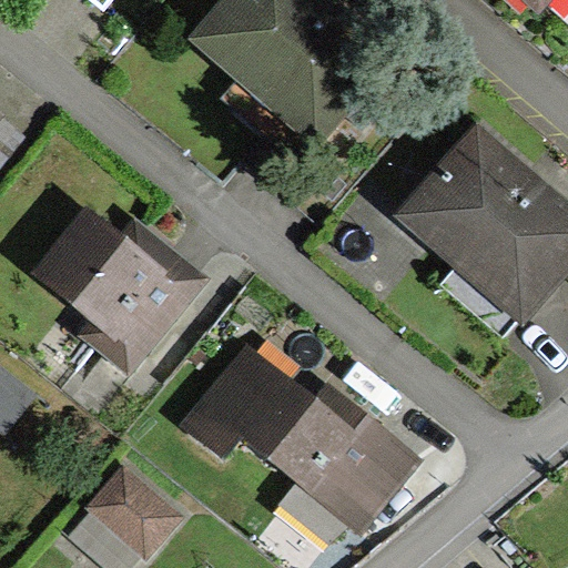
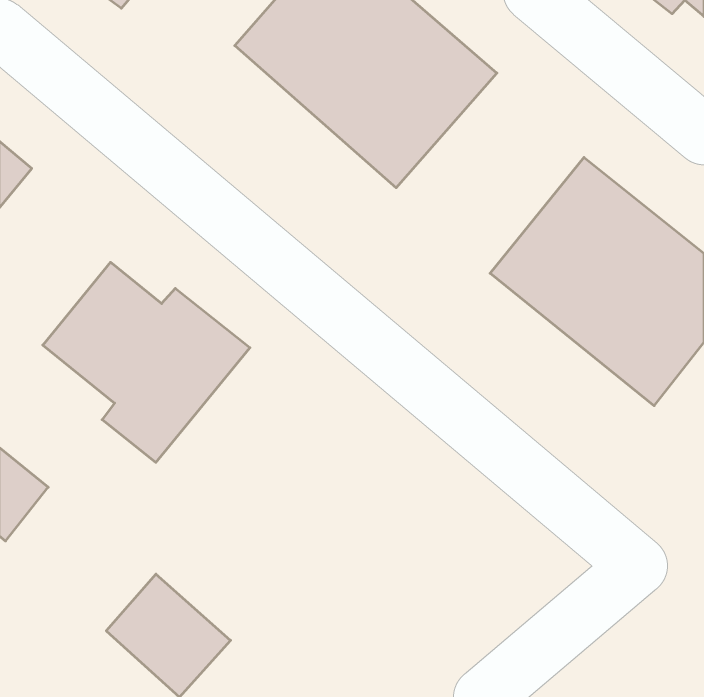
building: [181,342,419,534] -> none

